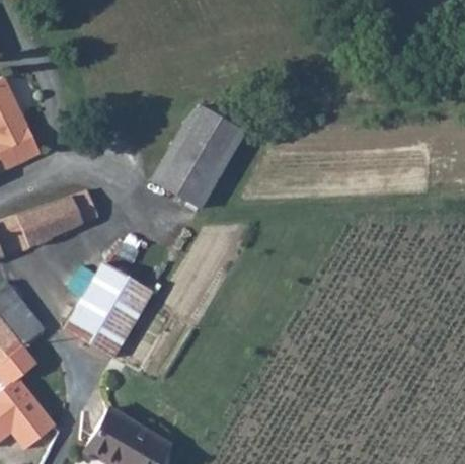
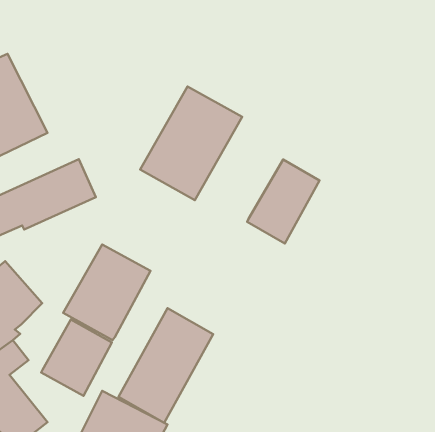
building: none -> [247,159,320,243]
building: none -> [118,308,213,423]
building: none -> [41,319,112,396]

